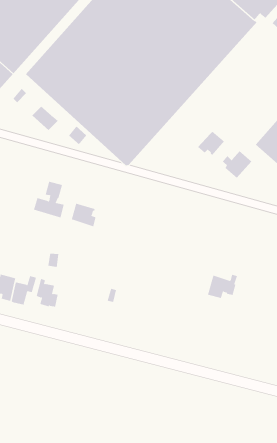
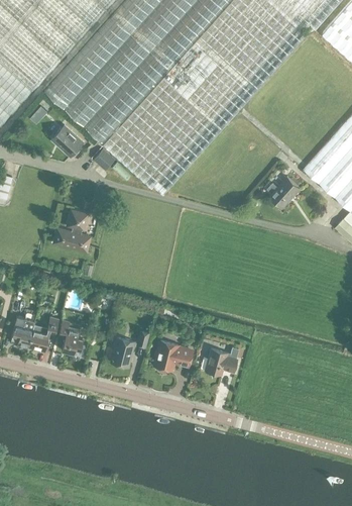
building: [197,131,225,156] -> none
building: [71,203,96,227] -> none
building: [207,274,238,298] -> [205,346,239,374]
building: none -> [111,337,134,366]
building: none -> [154,340,193,370]

